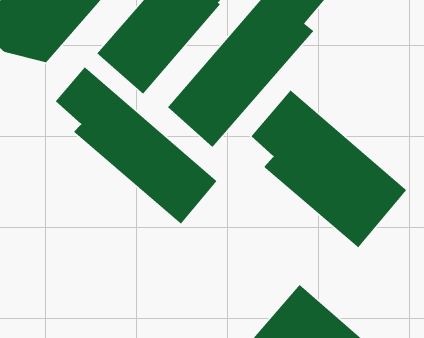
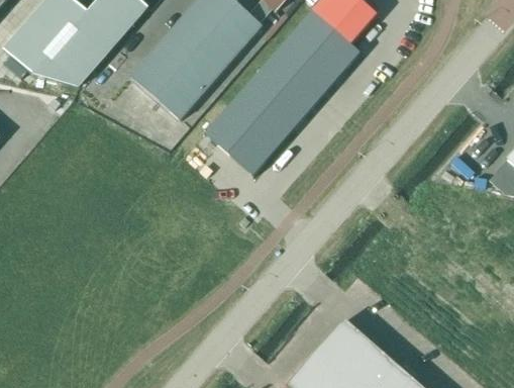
building: [55,65,218,225] -> none
building: [250,89,408,249] -> none

